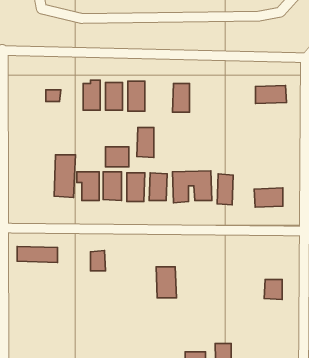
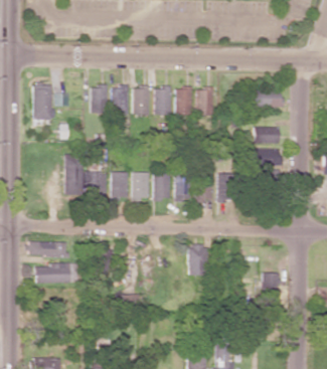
building: none -> [34,84,54,120]
building: none -> [197,88,213,117]
building: none -> [255,127,281,144]
building: [137,128,154,157] -> [155,87,171,116]
building: [106,147,129,167] -> none
building: [254,188,283,207] -> [254,149,281,167]
building: [156,267,176,298] -> [189,246,208,275]
building: none -> [35,263,78,284]

